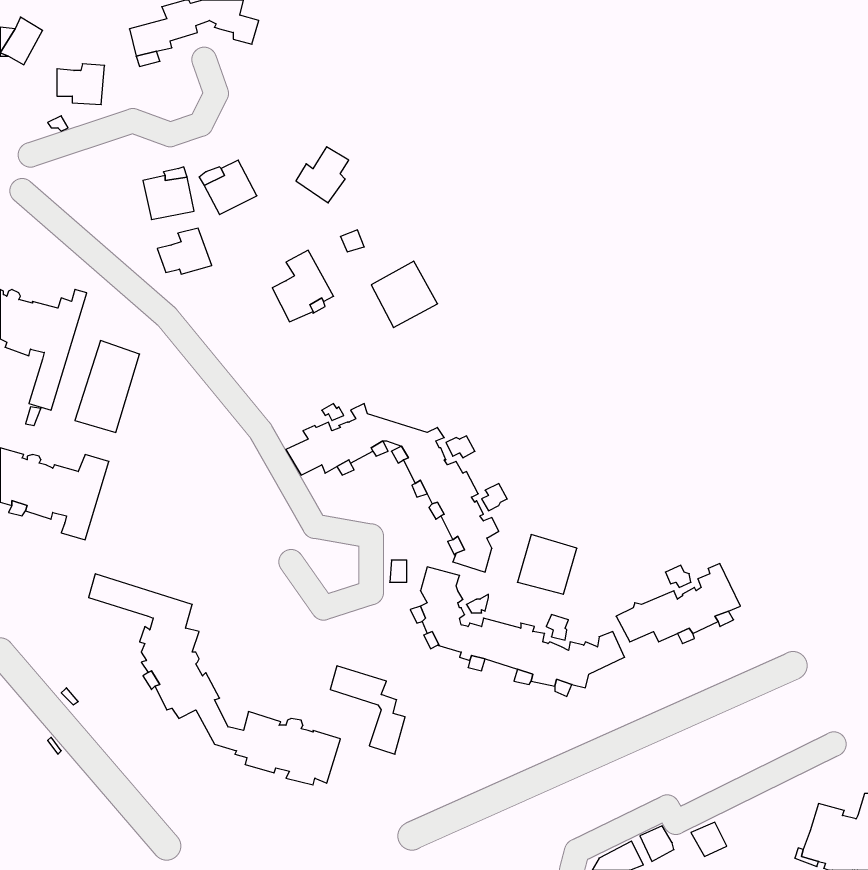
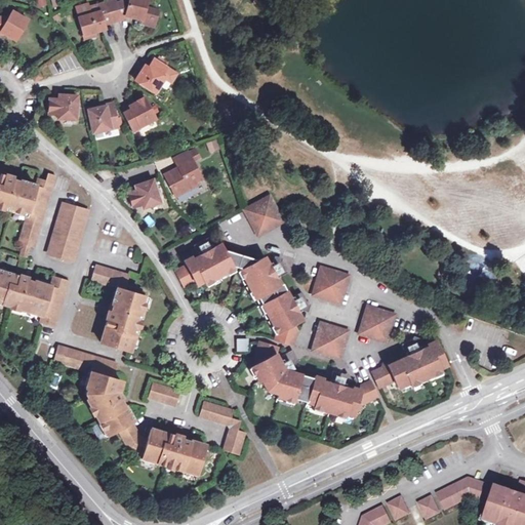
building: [57,64,105,105] -> [49,94,78,119]
building: [296,147,349,203] -> [135,58,167,92]
building: [157,228,212,274] -> [128,179,161,207]
building: [371,261,438,328] -> [244,195,284,235]
building: none -> [90,267,144,350]
building: none -> [313,267,350,304]
building: none -> [359,306,395,342]
building: none -> [148,381,179,406]
building: none -> [437,476,494,507]

